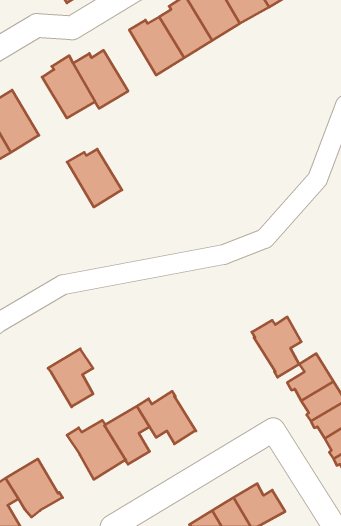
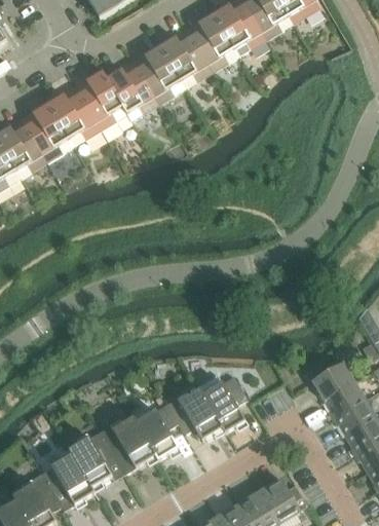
building: none -> [135,44,185,103]
building: [67,149,122,207] -> [47,89,100,145]
building: [252,317,301,377] -> [200,375,248,433]
building: [48,349,93,407] -> [69,431,112,487]

